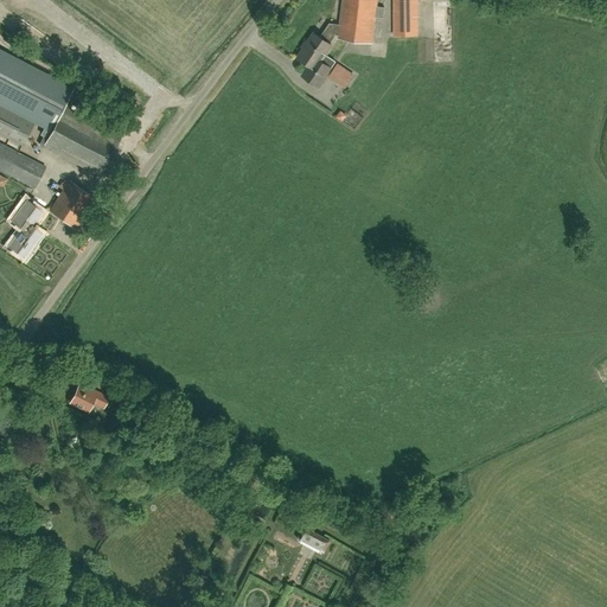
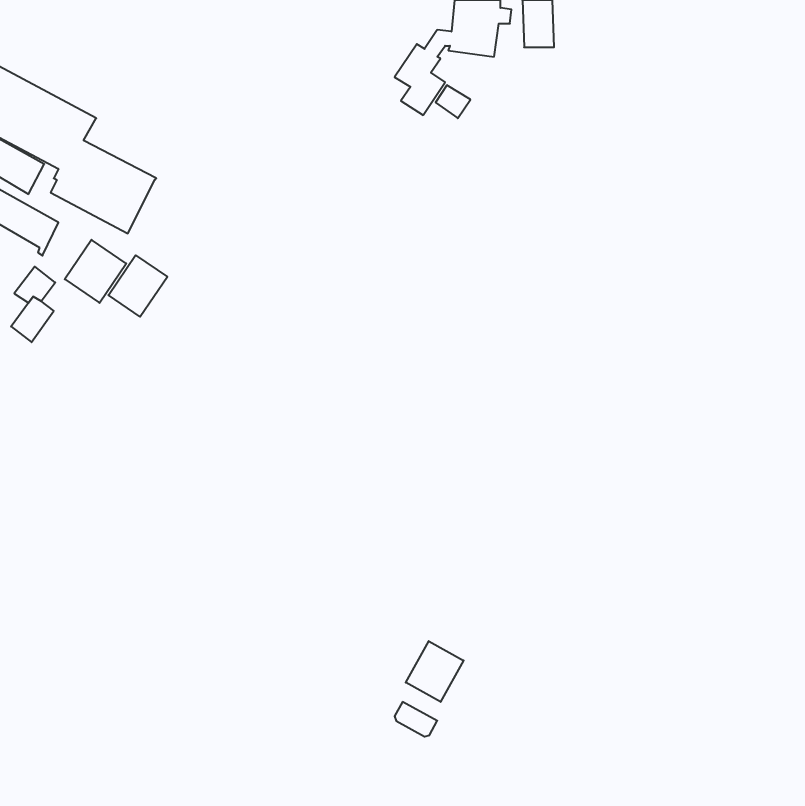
building: none -> [108,255,167,317]
building: [69,385,107,411] -> none
building: none -> [406,641,464,702]

